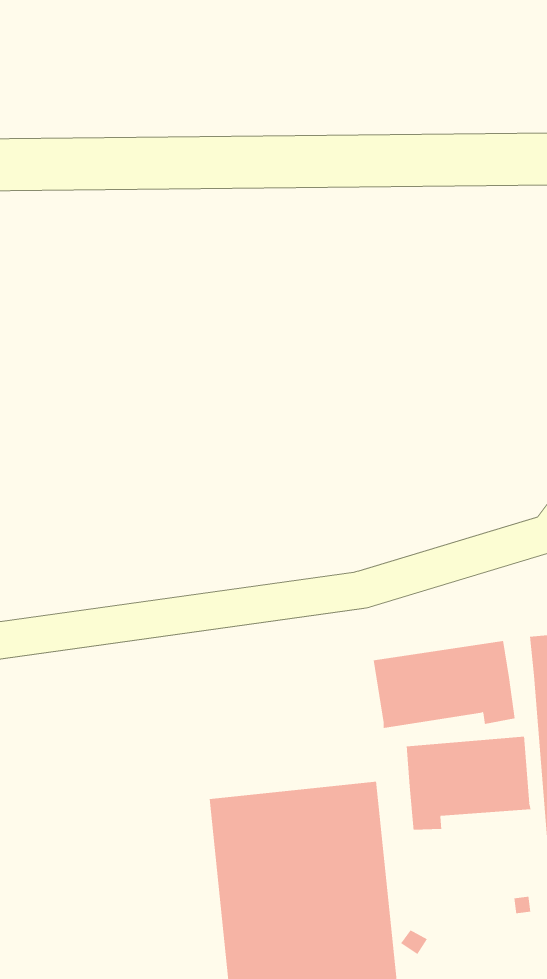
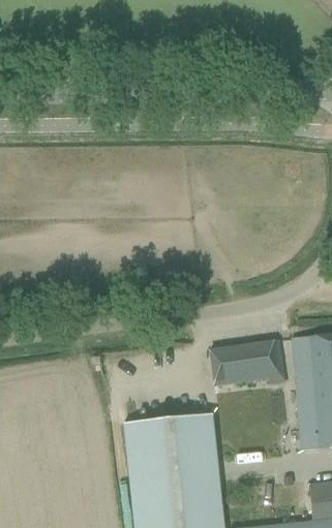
building: [406,736,531,830] -> none

